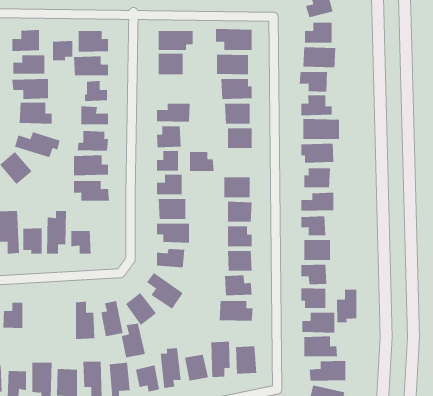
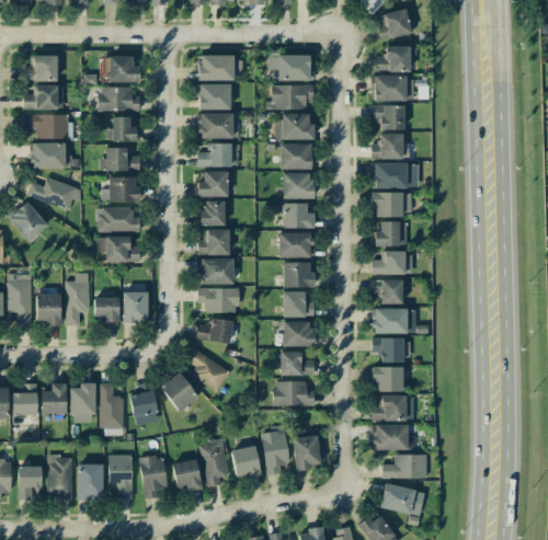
building: [53,40,73,61] -> none
building: none -> [199,114,239,138]
building: [189,151,215,171] -> [284,204,315,228]
building: none -> [123,291,148,323]
building: [337,289,357,323] -> none
building: none -> [42,382,67,414]
building: none -> [71,382,95,422]
building: [121,323,146,358] -> none

